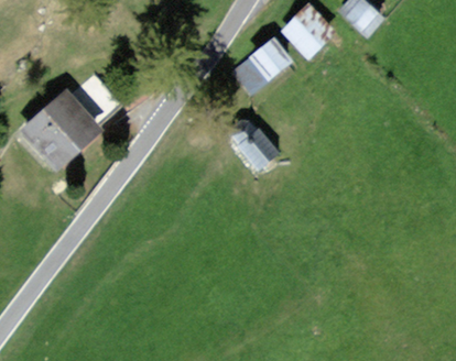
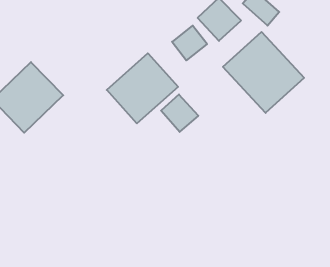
building: none -> [223,32,304,113]
building: none -> [107,53,178,123]

